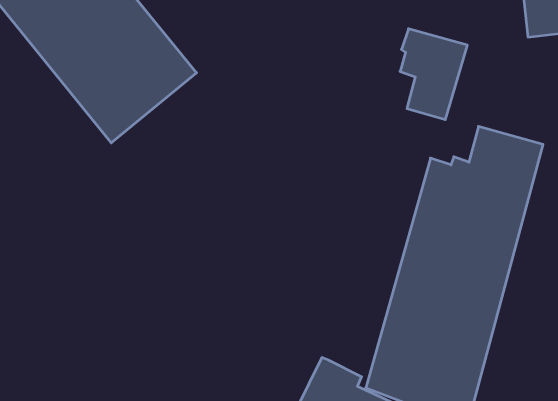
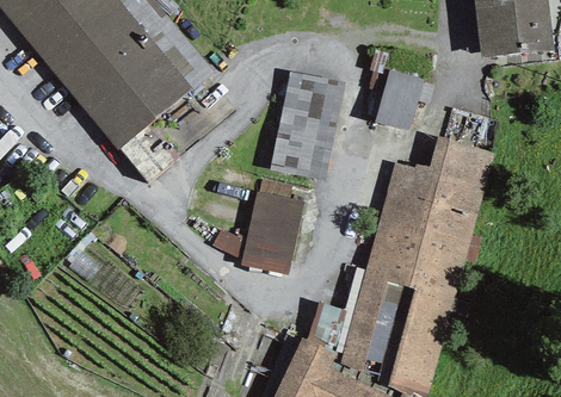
building: none -> [271,72,343,178]
building: none -> [242,192,302,272]
building: none -> [307,302,345,353]

